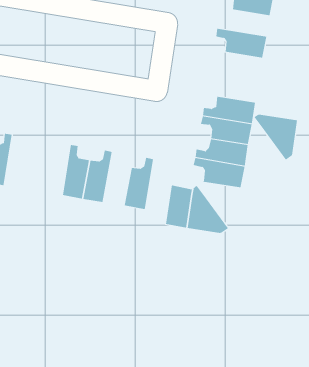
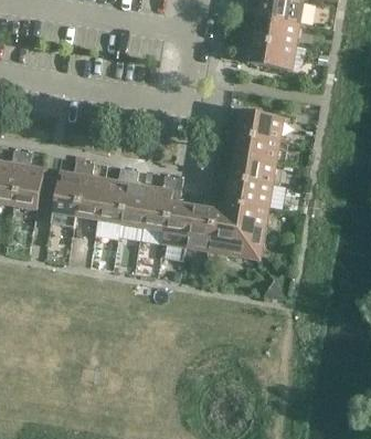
building: none -> [242,17,299,45]
building: [254,113,298,160] -> [221,200,268,251]
building: none -> [14,150,44,209]
building: none -> [53,160,85,216]
building: none -> [120,169,150,227]
building: none -> [162,177,193,247]

